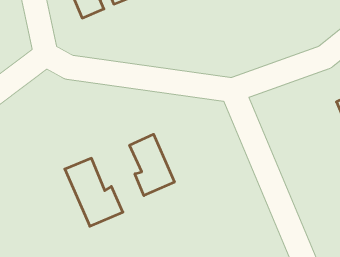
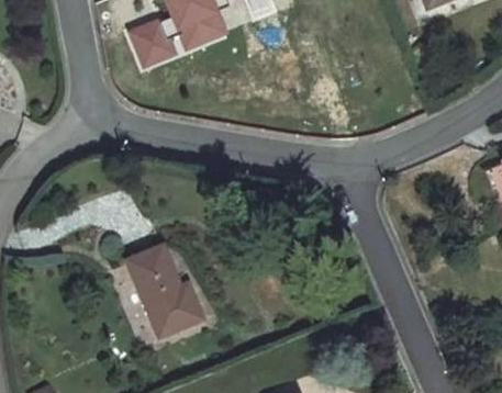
building: [130,134,174,196] -> none

